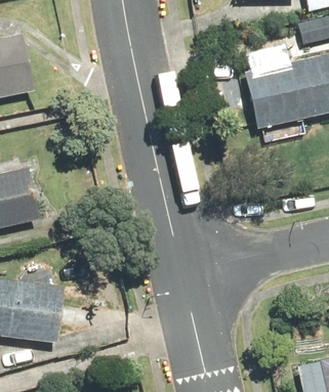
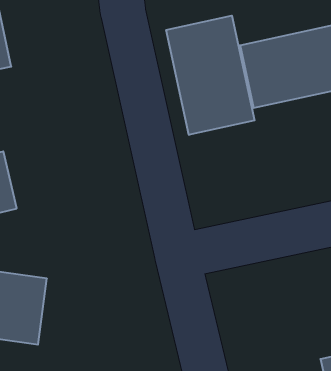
building: none -> [166,16,255,135]

